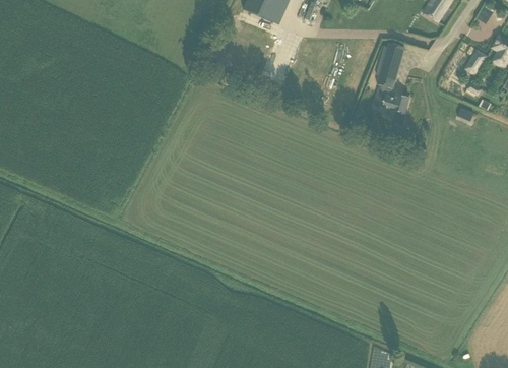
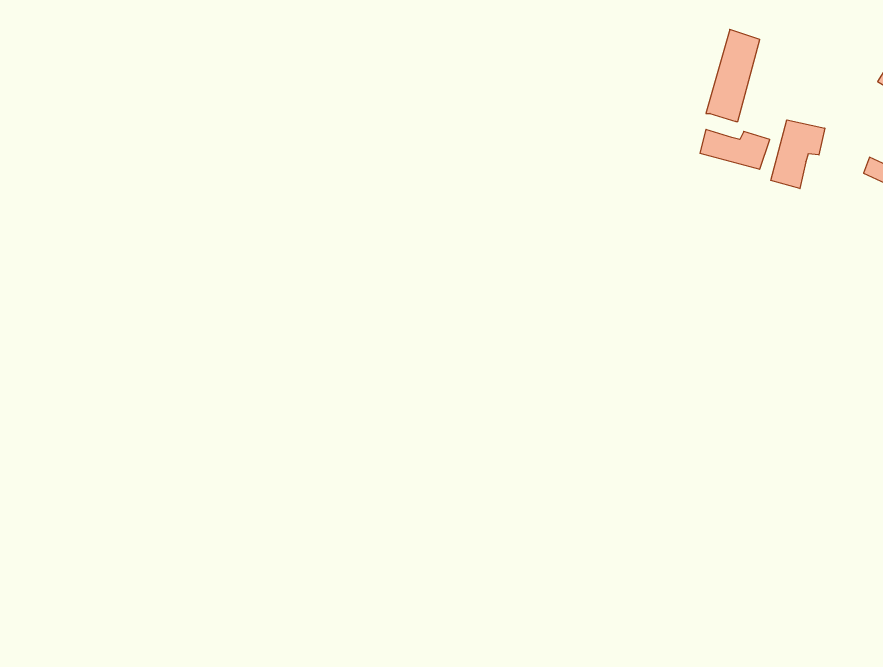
building: none -> [771,120,825,189]

